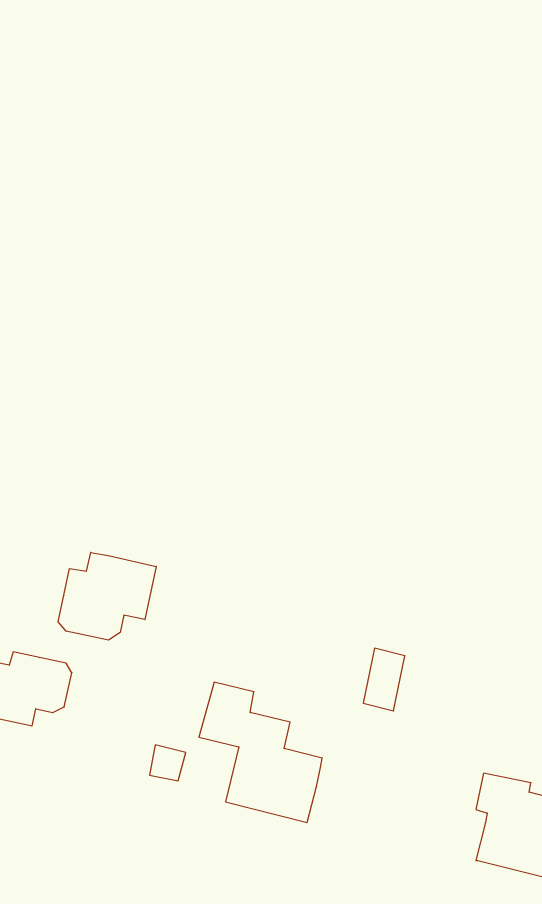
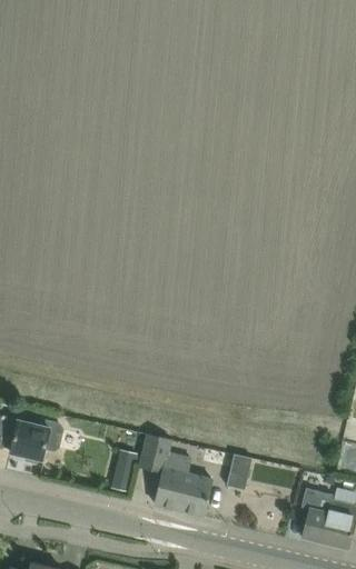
building: [58,552,156,640] -> none
building: [363,648,405,711] -> [227,455,251,491]

